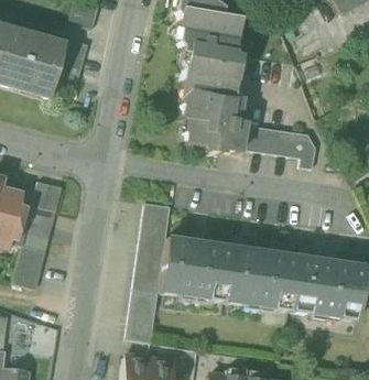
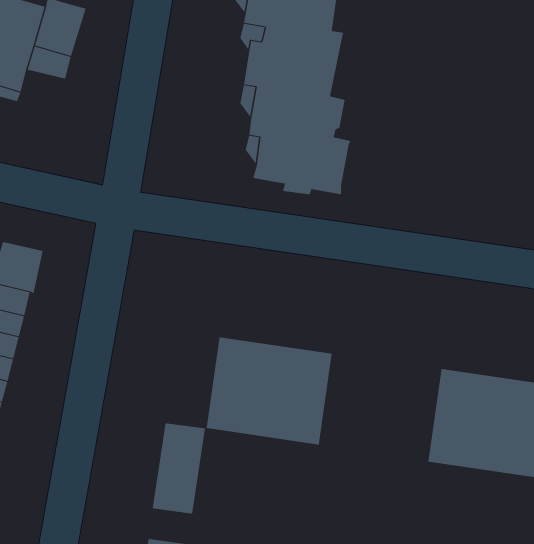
building: [240,122,317,166] -> none
building: [135,200,172,290] -> none
building: [227,246,299,310] -> none

